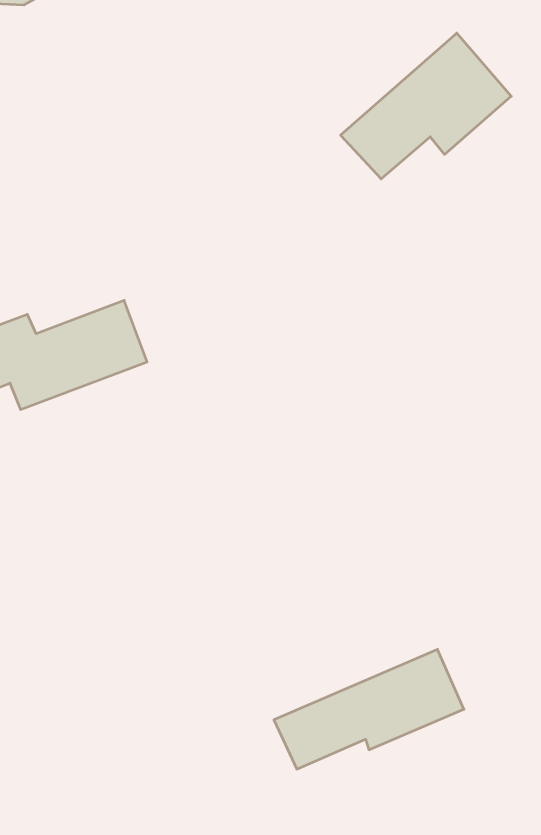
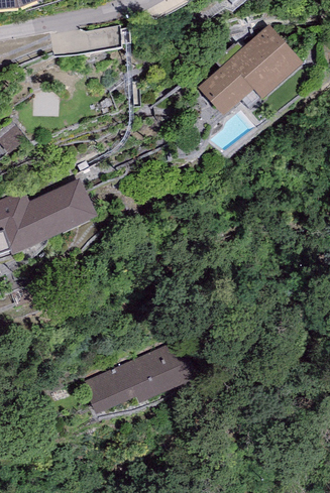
building: [274,649,464,769] -> [85,341,194,409]

